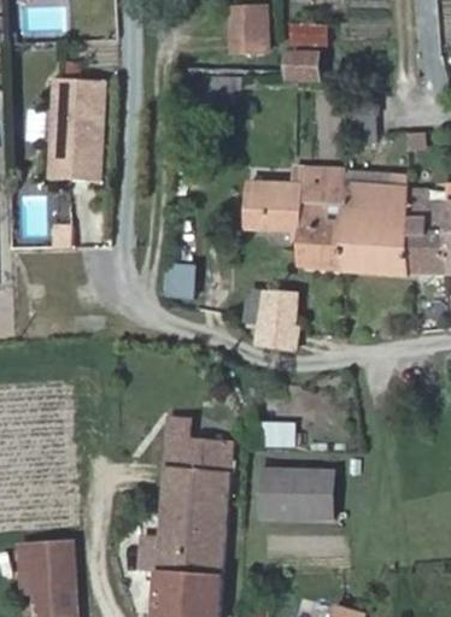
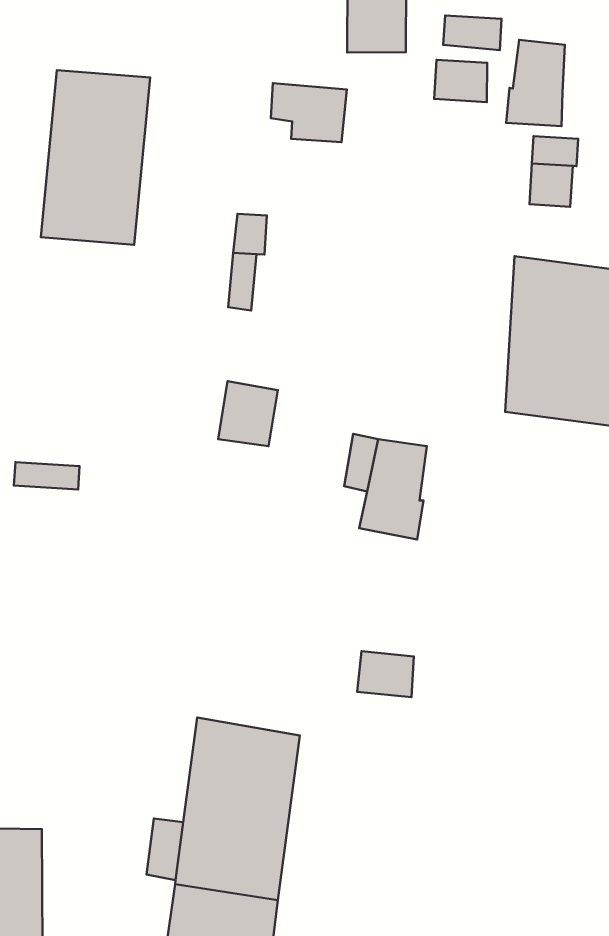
building: none -> [506,40,565,126]
building: [248,169,342,269] -> none
building: [164,419,230,476] -> none
building: [260,469,333,521] -> none

